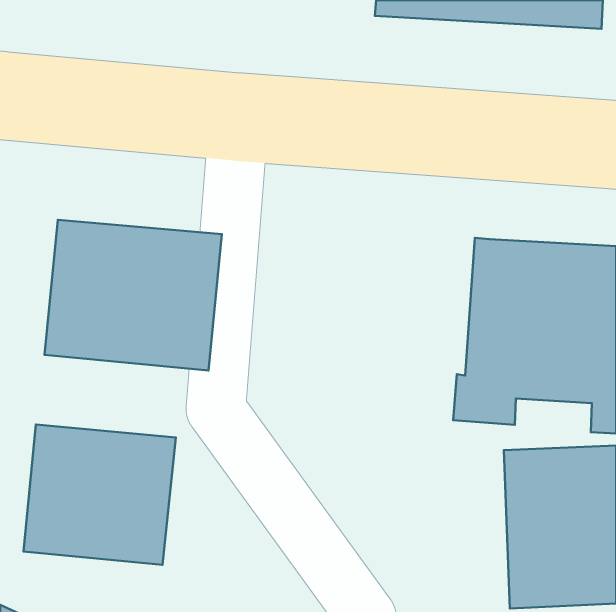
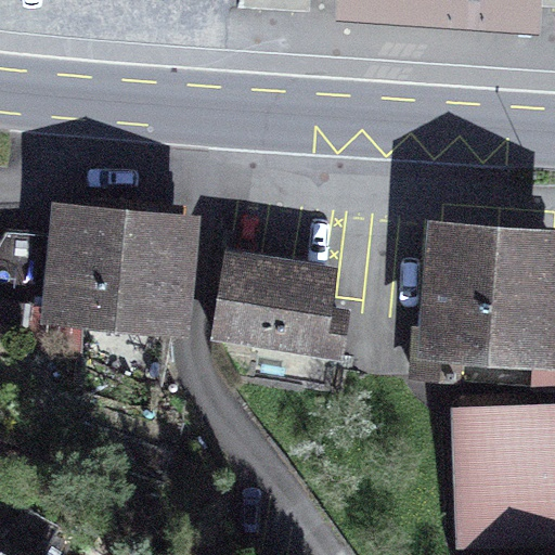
building: none -> [211,249,351,362]
building: [24,424,176,565] -> none

